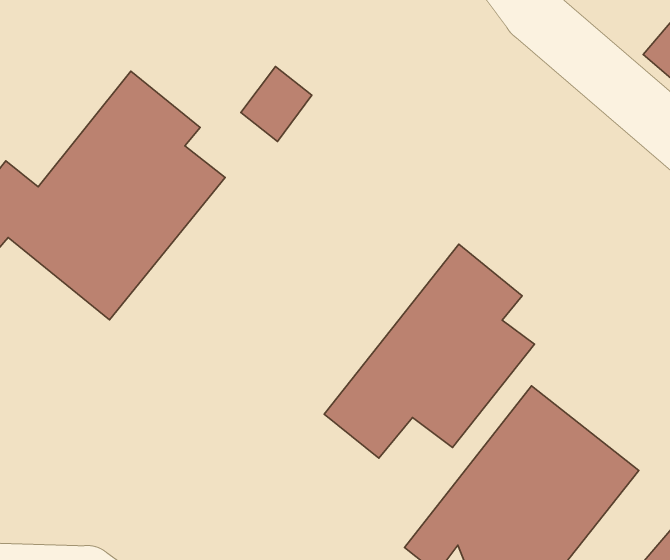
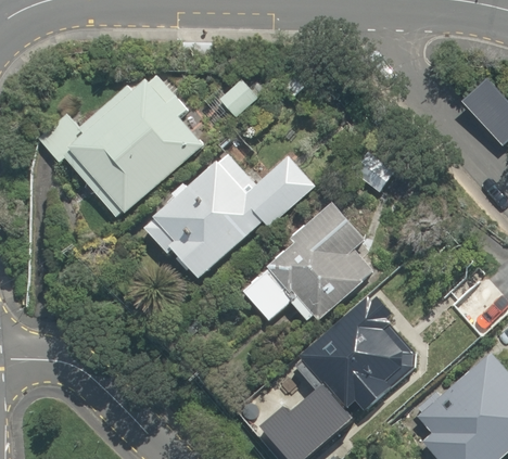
building: none -> [144,154,316,283]

